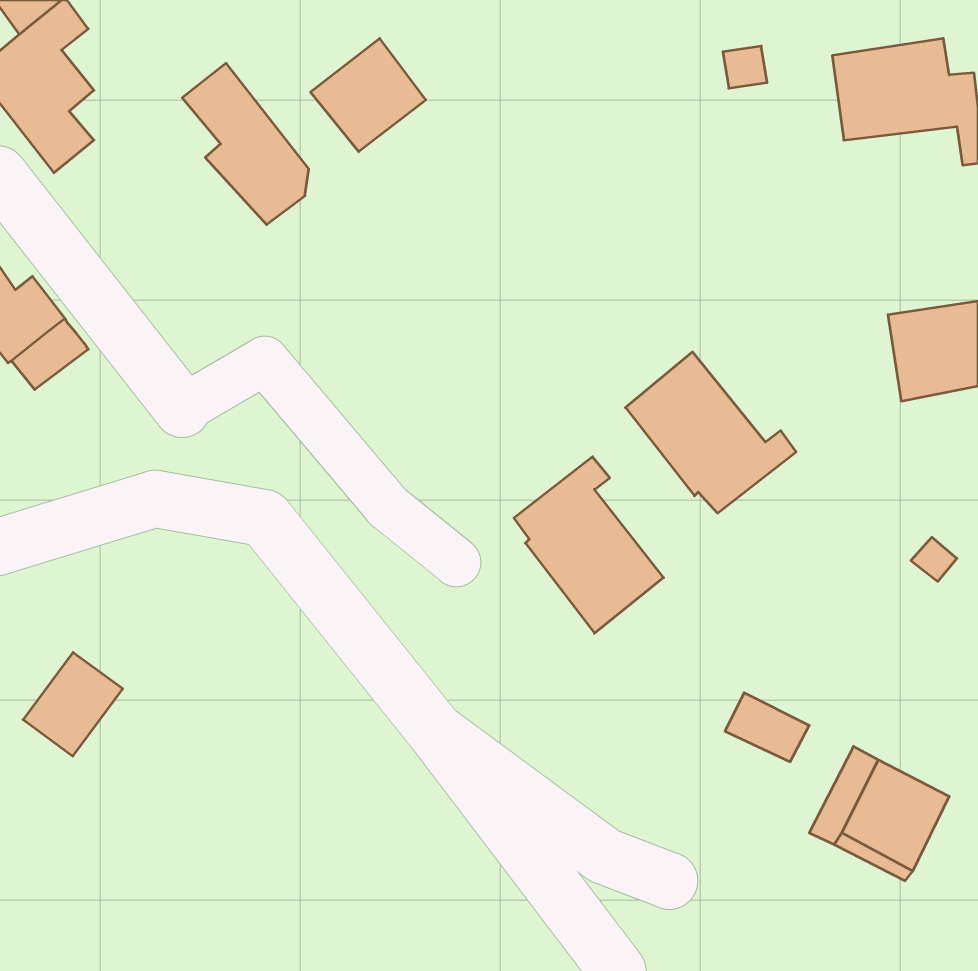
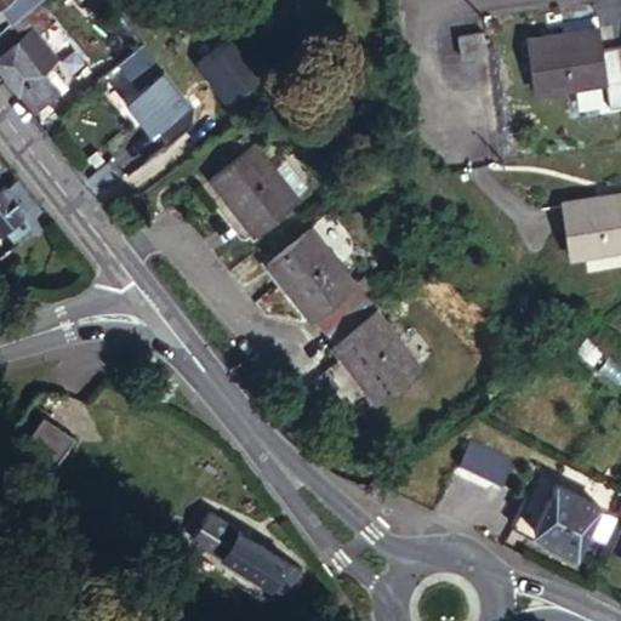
building: none -> [210,148,307,237]
building: [625,352,796,513] -> [267,232,375,334]
building: none -> [192,509,303,602]

